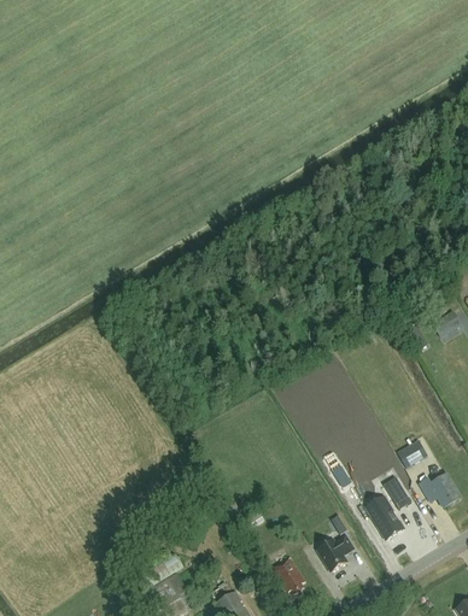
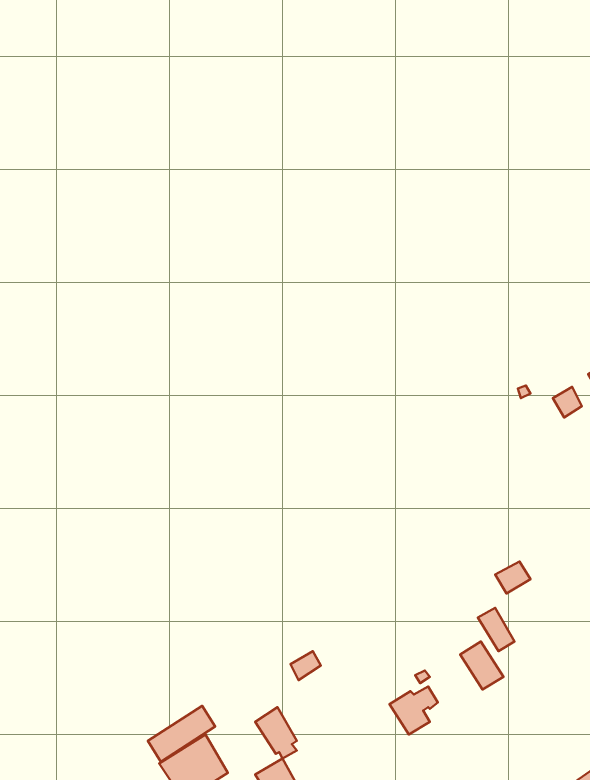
building: [420,474,457,504] -> none
building: [273,556,304,594] -> [255,707,297,759]

